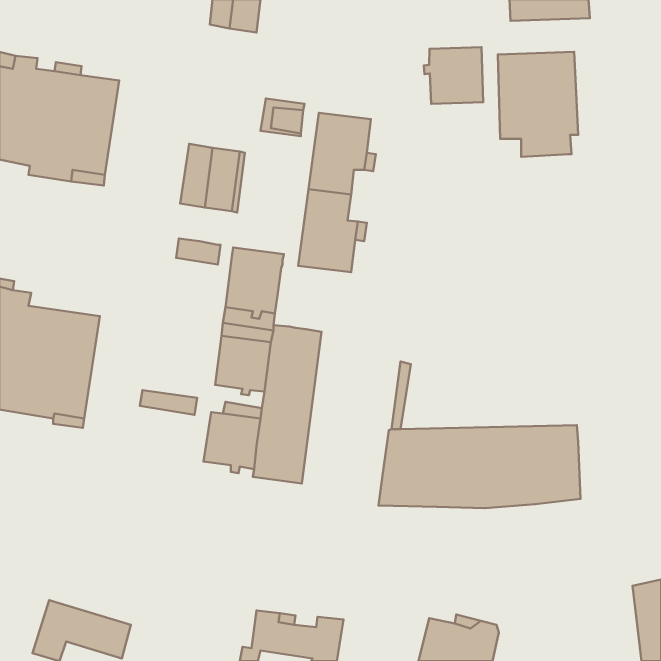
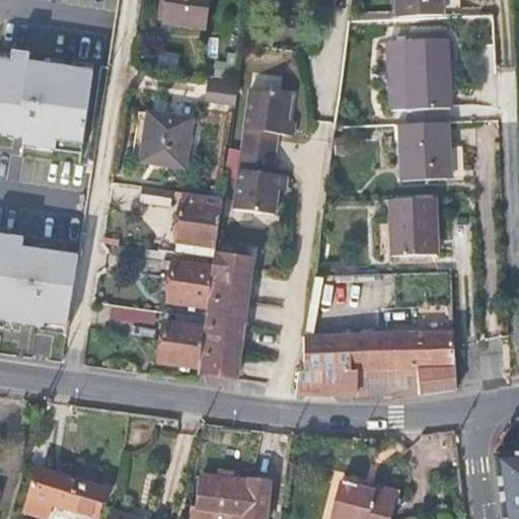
building: [424,47,483,104] -> none
building: none -> [403,121,453,179]
building: none -> [391,198,437,254]

